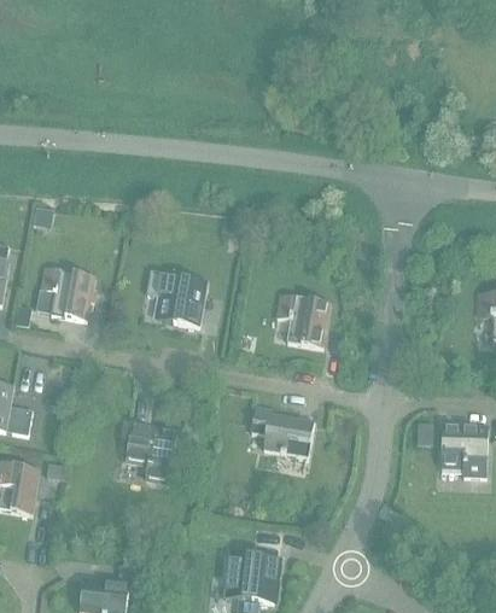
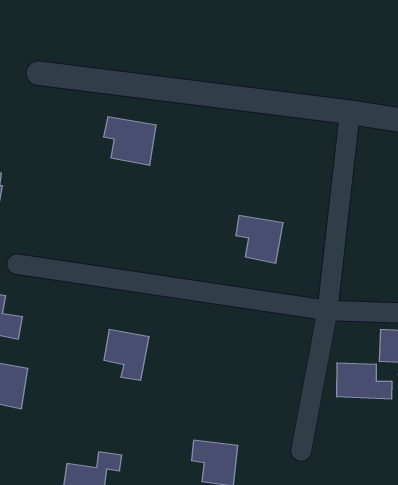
building: [39,264,93,319] -> none
building: [145,269,205,325] -> [103,117,156,165]
building: [250,404,313,455] -> none
building: none -> [337,363,392,399]

